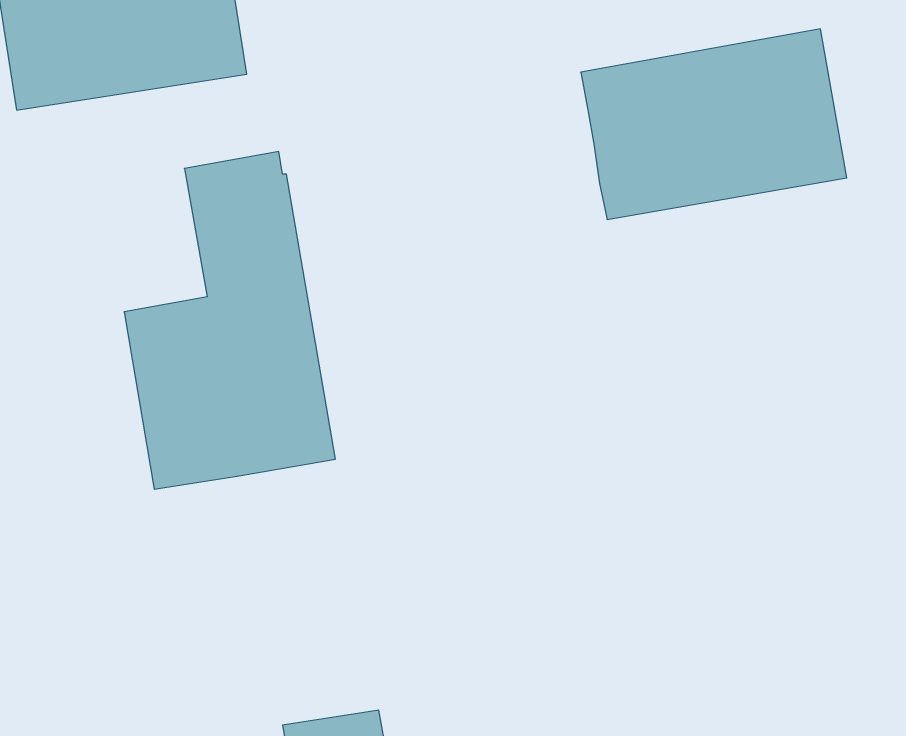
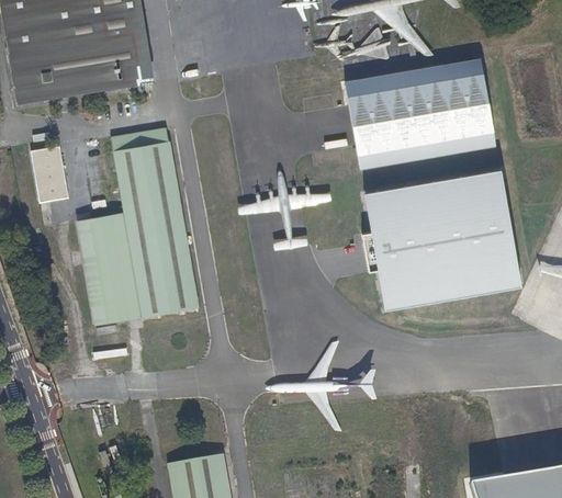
building: none -> [31,146,69,203]
building: none -> [363,167,521,309]

